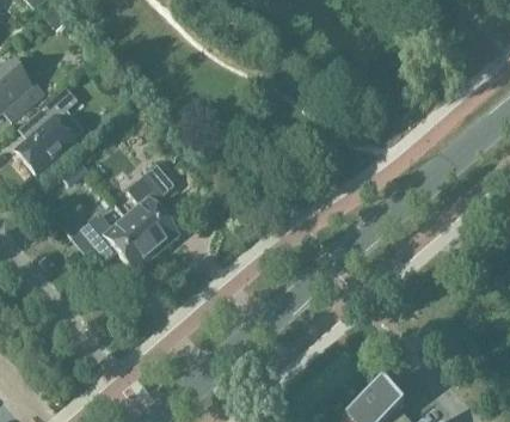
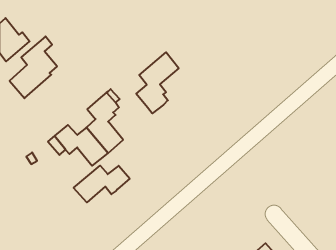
building: none -> [136,52,179,113]
building: none -> [74,166,130,202]

